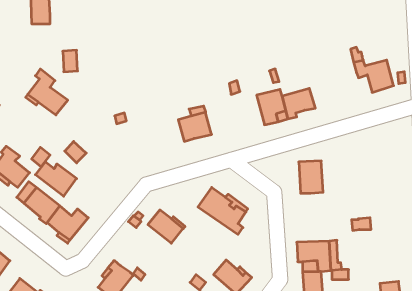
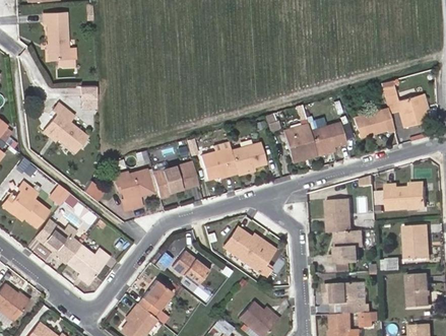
building: none -> [354,108,394,137]
building: none -> [231,141,267,175]
building: none -> [152,164,188,197]
building: none -> [115,170,152,210]
building: none -> [385,184,427,208]
building: none -> [404,223,428,259]
building: none -> [331,230,364,264]
building: none -> [409,273,432,308]
building: none -> [136,278,171,315]

